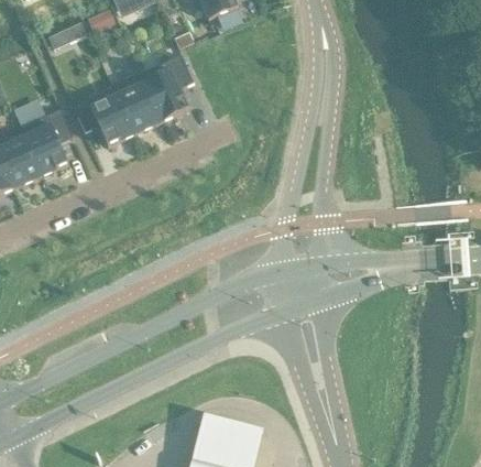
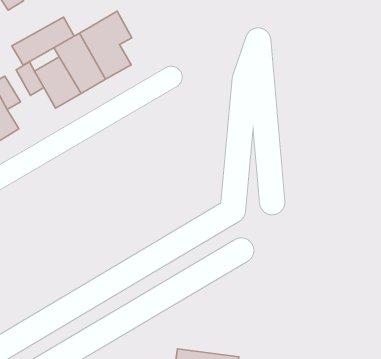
building: none -> [12,17,74,65]

